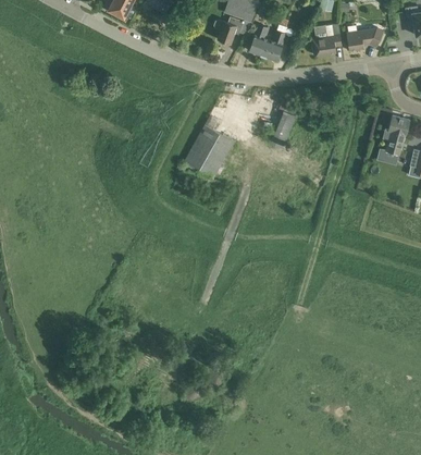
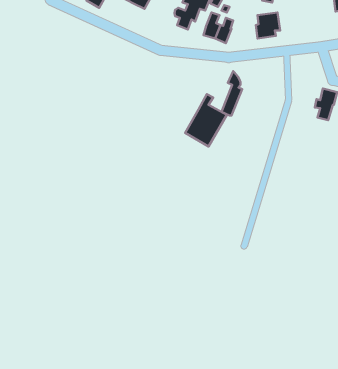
building: [346,25,383,50] -> none
building: [183,115,233,179] -> [185,94,227,147]

